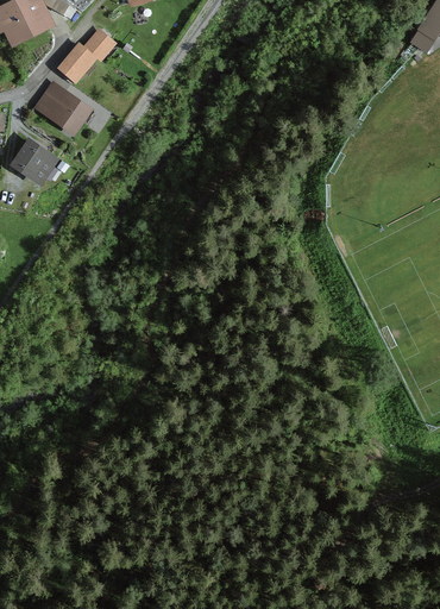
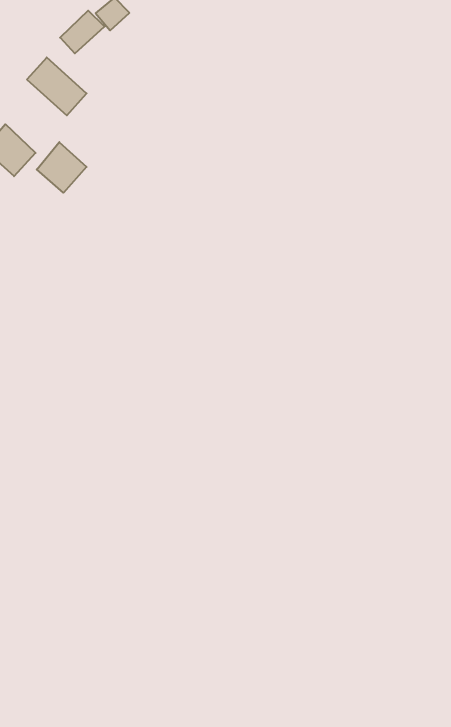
building: none -> [37,142,87,193]

